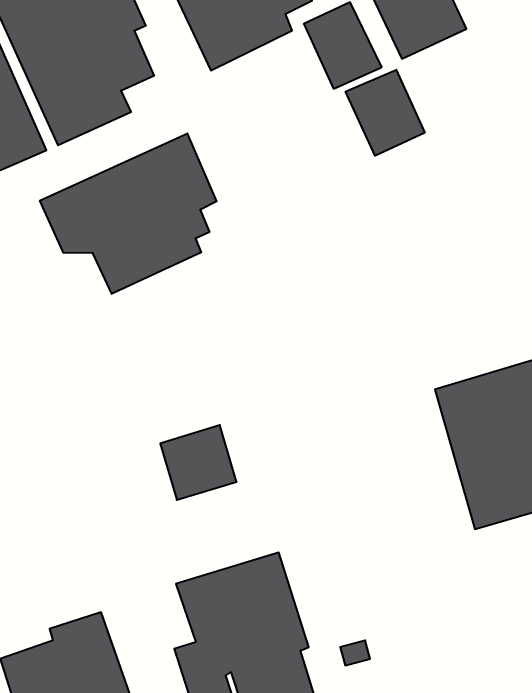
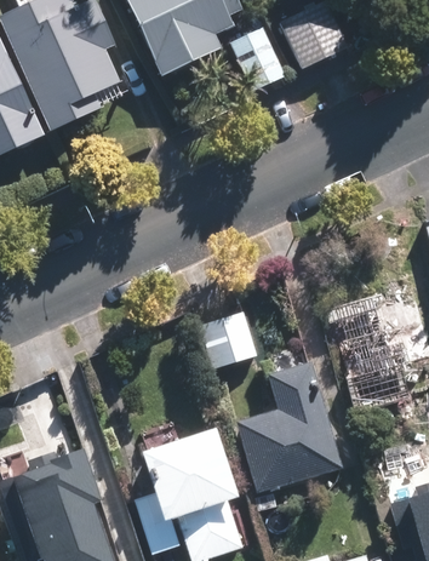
building: [346,70,425,156] -> none
building: [40,133,217,294] -> none
building: [160,425,237,500] -> [201,311,257,366]
building: none -> [234,361,341,492]

